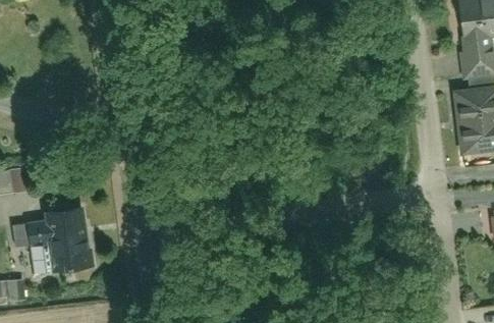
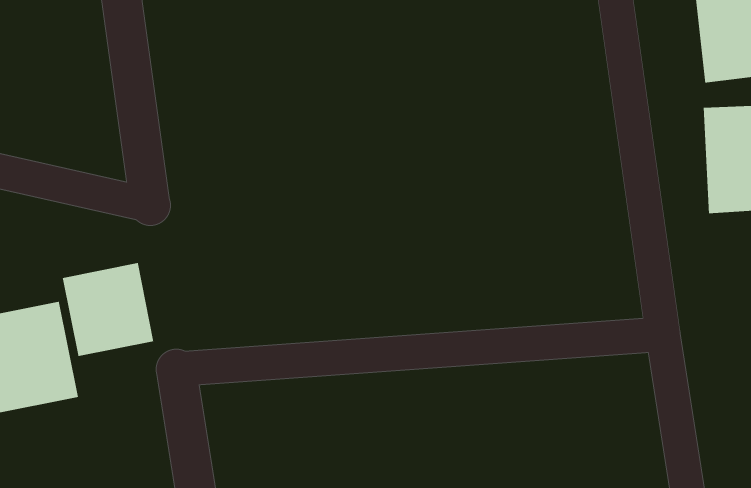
building: none -> [62,262,154,357]

